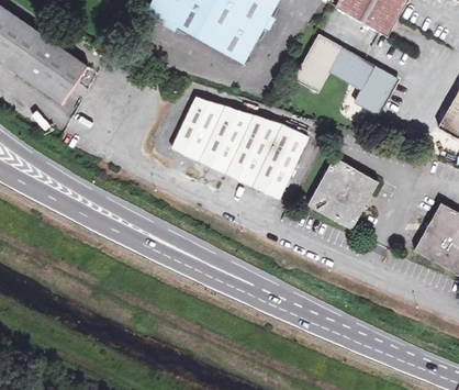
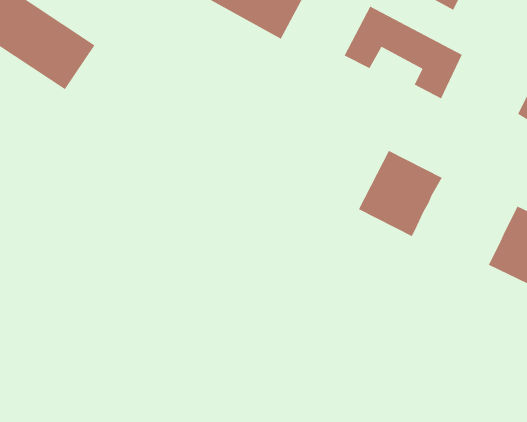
building: [176,99,313,200] -> none

